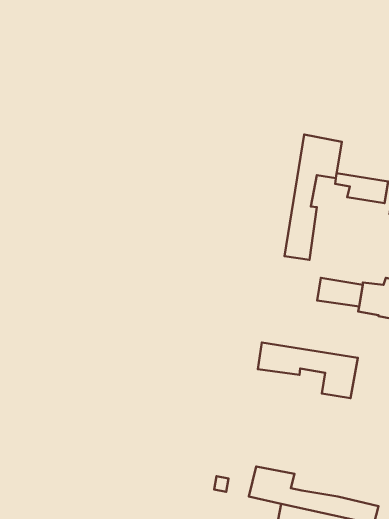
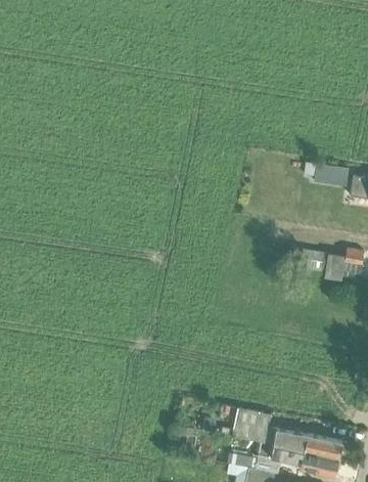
building: [284,134,342,260] -> none
building: [258,343,358,398] -> none

